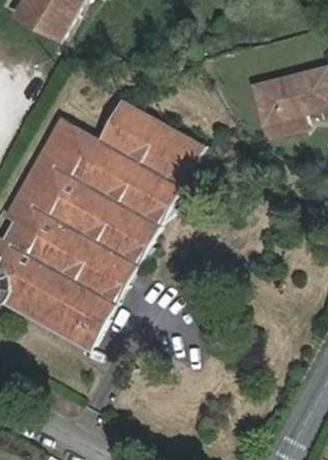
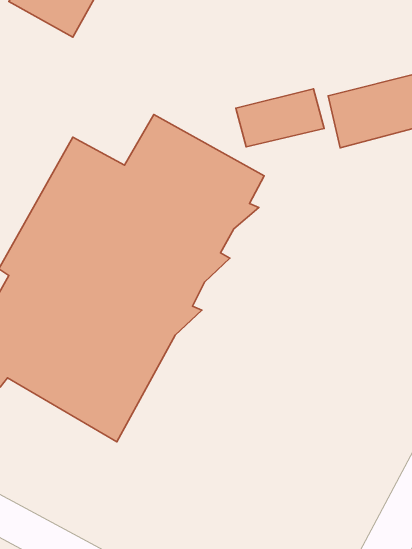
building: none -> [236,89,324,147]

